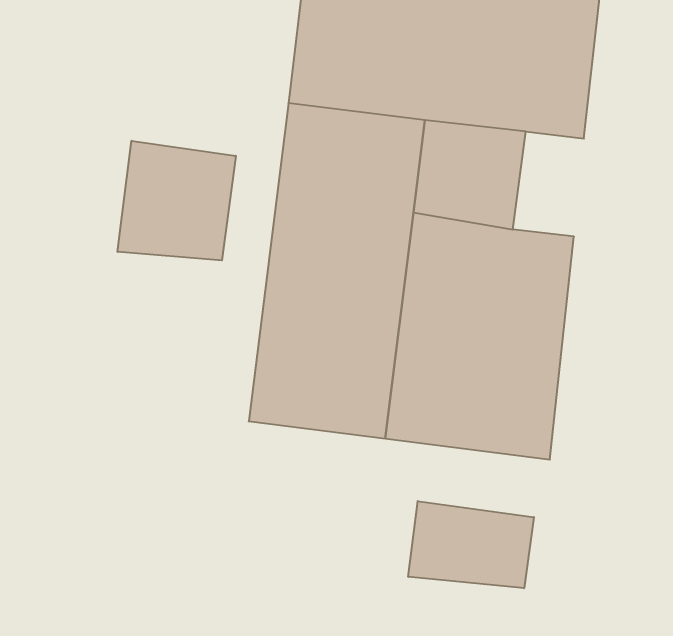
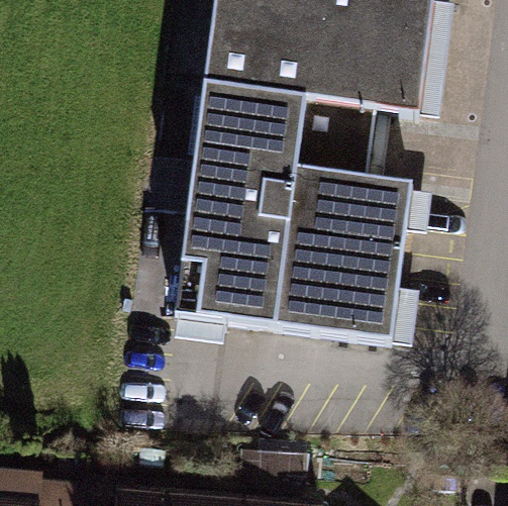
building: [118,141,236,260] -> none
building: [408,501,534,588] -> none

